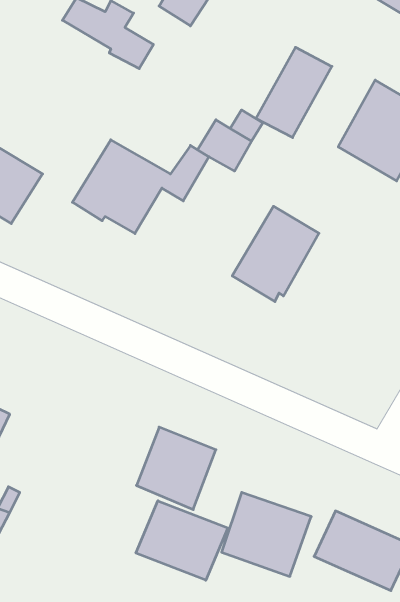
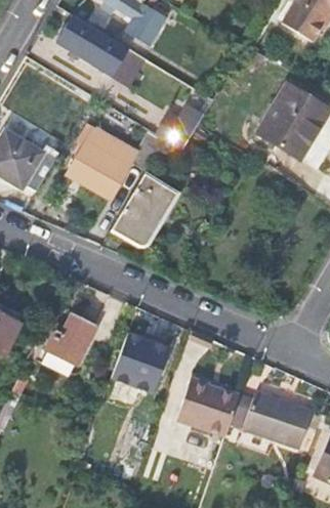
building: [256,47,332,138] -> none
building: [232,206,319,302] -> [115,173,177,242]
building: none -> [47,311,97,364]
building: [136,501,228,580] -> none

